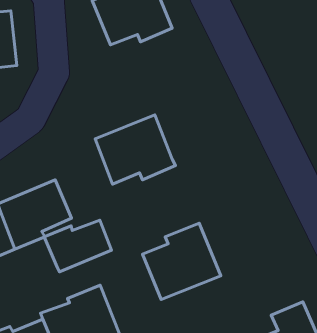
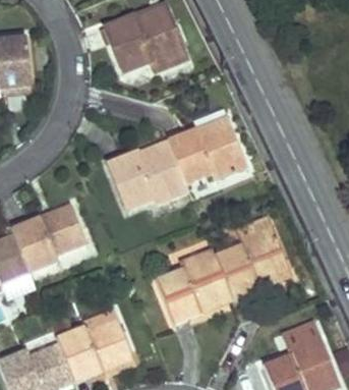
building: none -> [168,110,246,184]
building: none -> [215,216,291,299]
building: [44,220,111,272] -> none

